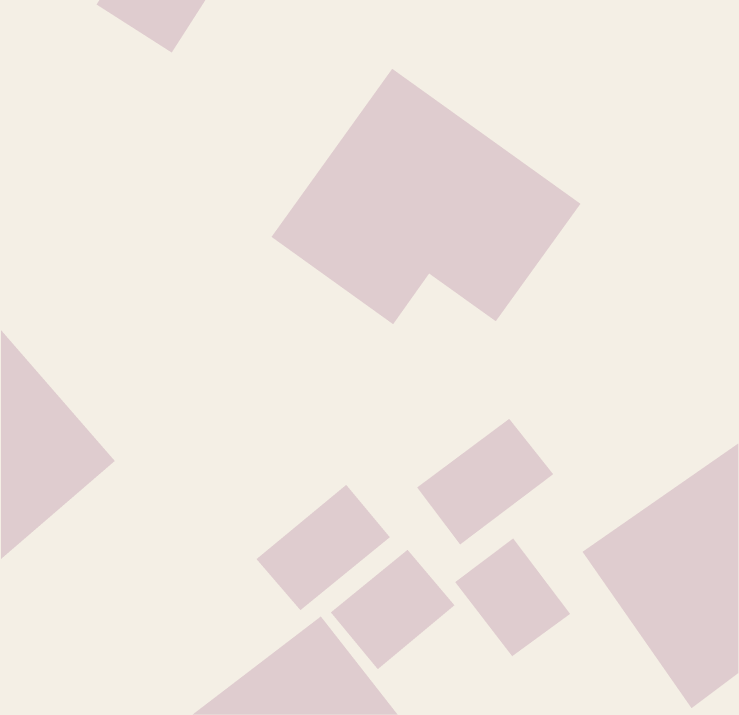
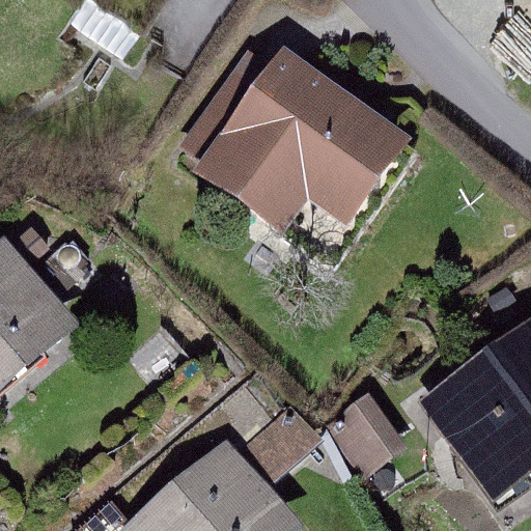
building: [416,418,554,546] -> none
building: [255,484,391,611] -> none

